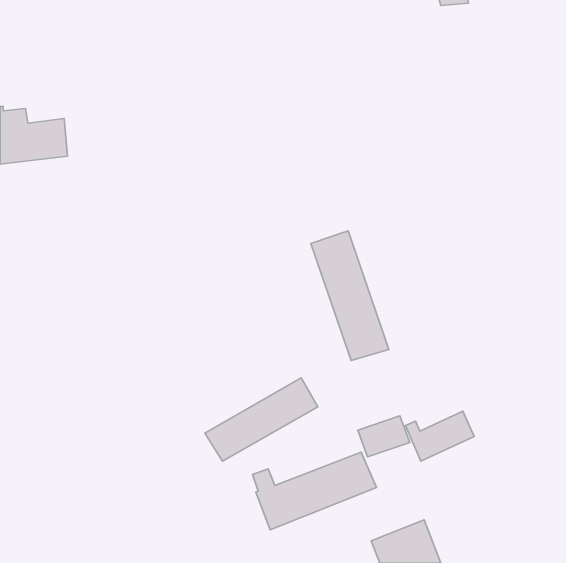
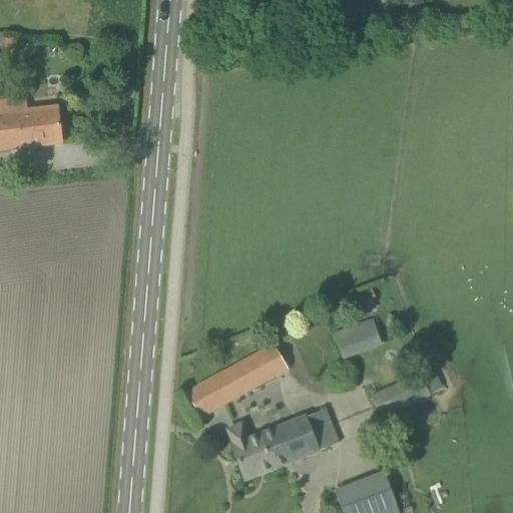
building: [311,231,389,361] -> none
building: [358,416,410,457] -> [334,321,381,358]

